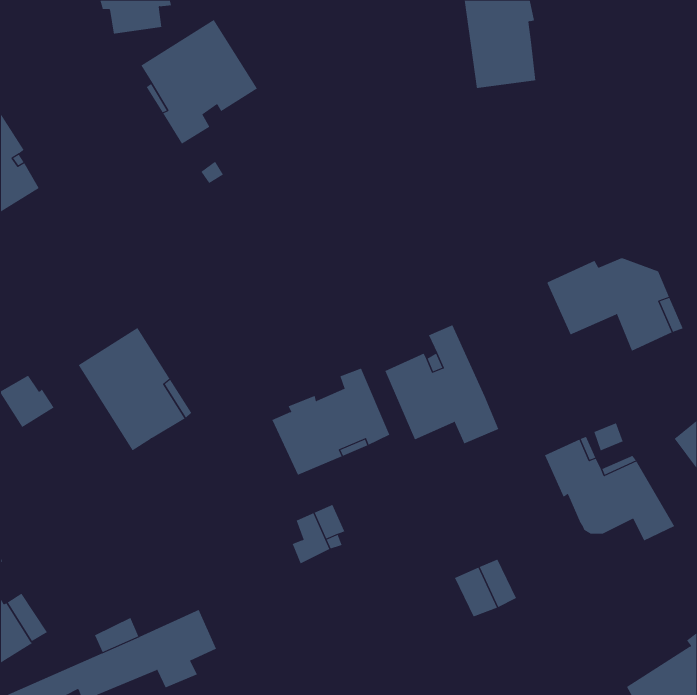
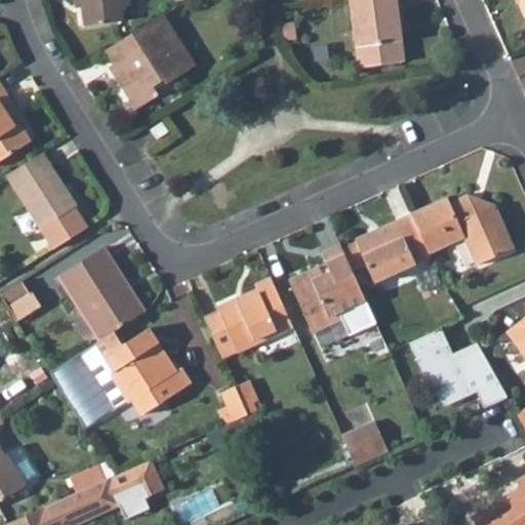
building: none -> [6,153,88,250]
building: none -> [355,214,430,282]
building: none -> [49,329,191,429]

